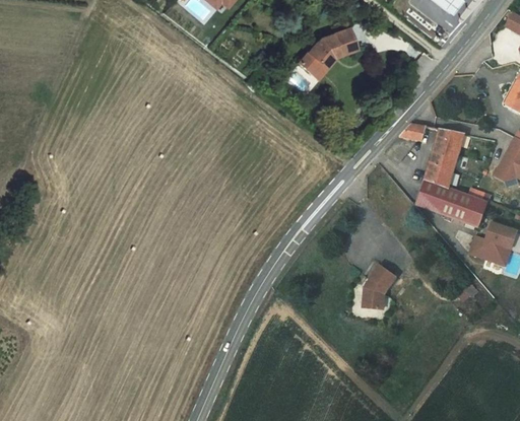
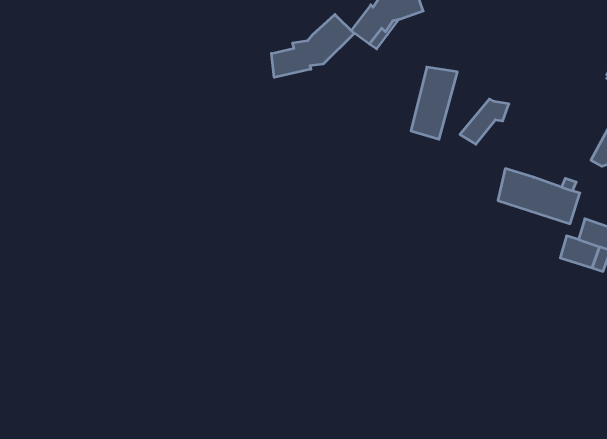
building: none -> [271,14,354,77]
building: [424,127,462,187] -> [411,67,457,139]
building: [368,264,399,306] -> none

